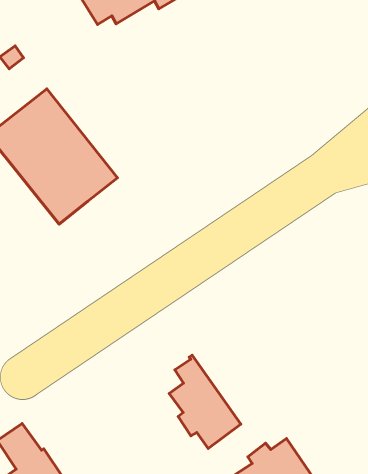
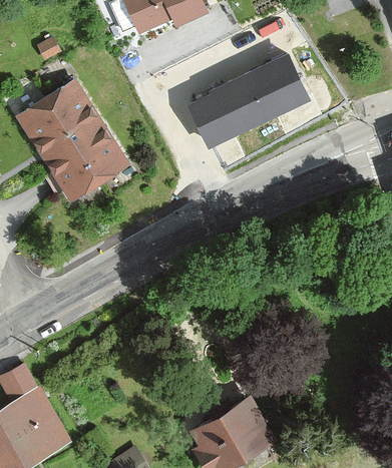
building: none -> [194,59,307,144]
building: [169,355,241,449] -> none

